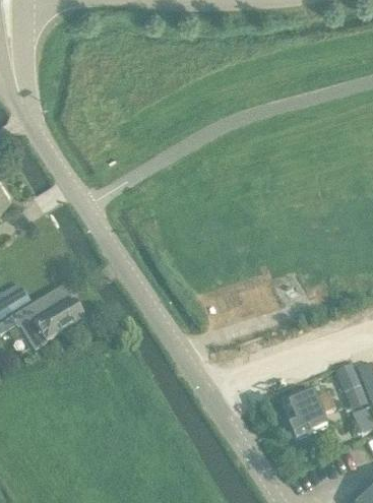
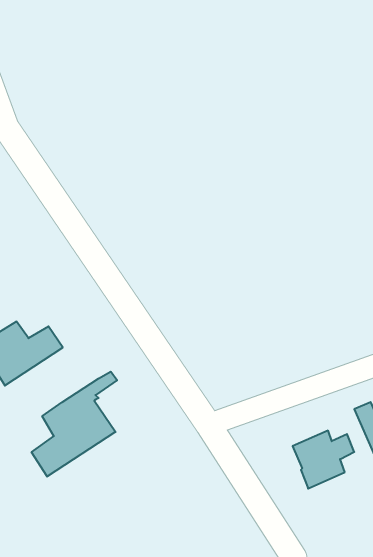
building: none -> [32,372,117,477]

